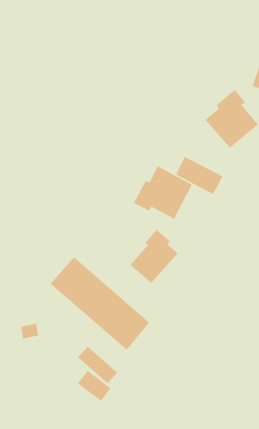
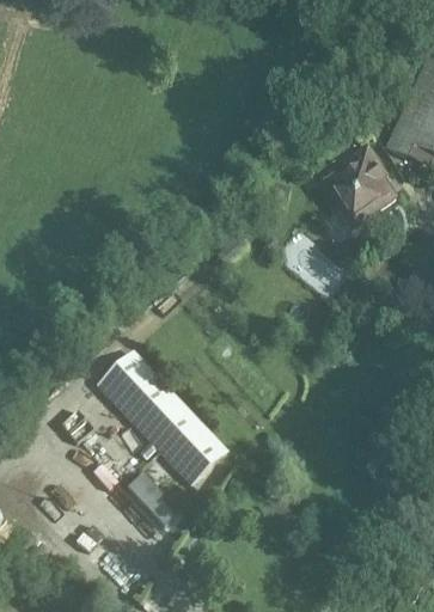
building: [133,165,193,220] -> none
building: [130,229,178,284] -> none

